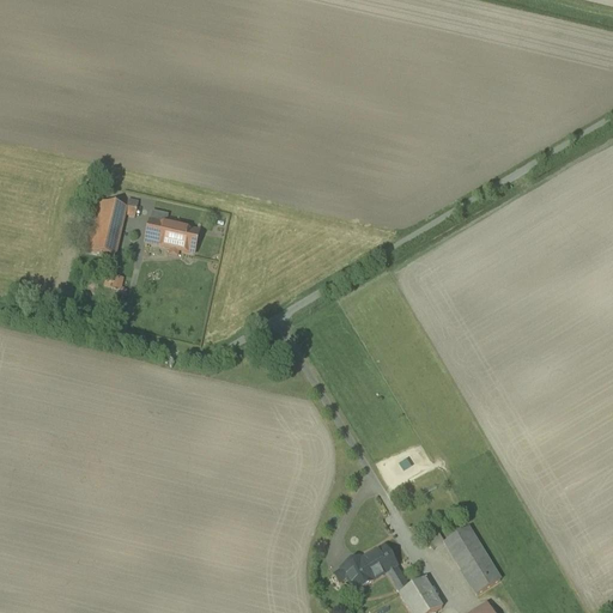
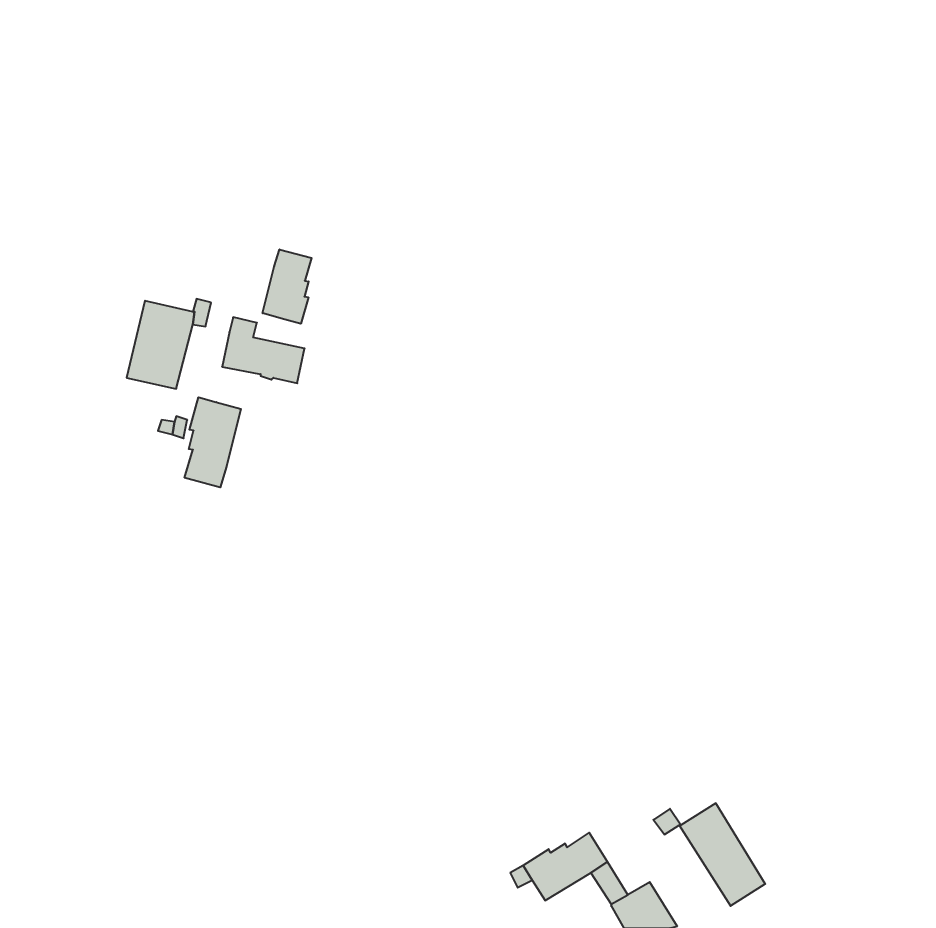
building: none -> [263,249,312,324]
building: none -> [185,397,241,487]

